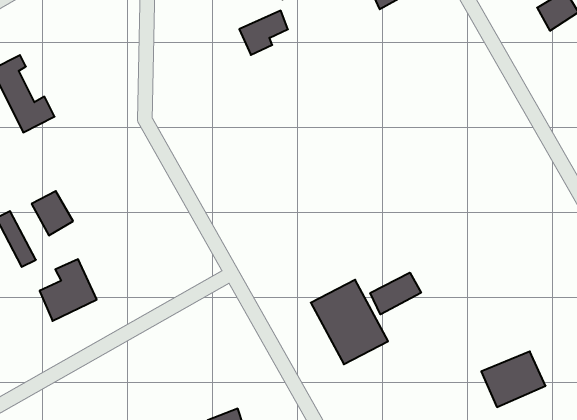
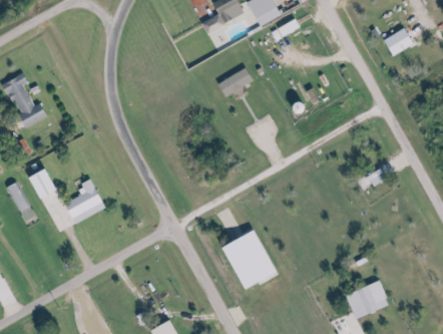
building: [239,11,288,55] -> [217,67,252,98]
building: [40,259,97,321] -> [64,180,104,223]
building: [370,273,421,314] -> none

